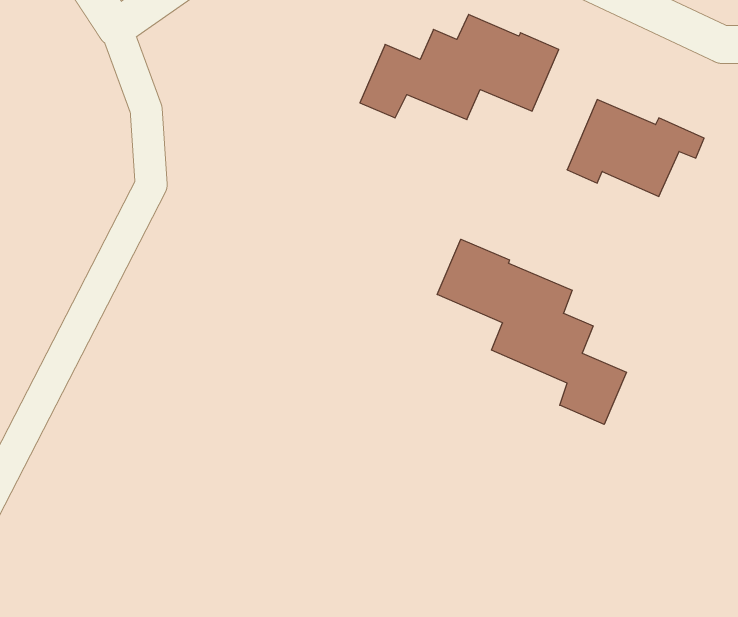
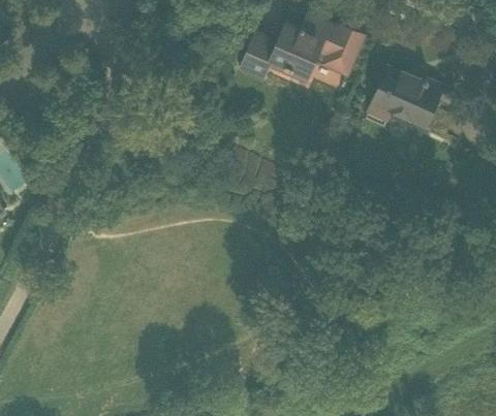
building: [437,239,626,424] -> none

